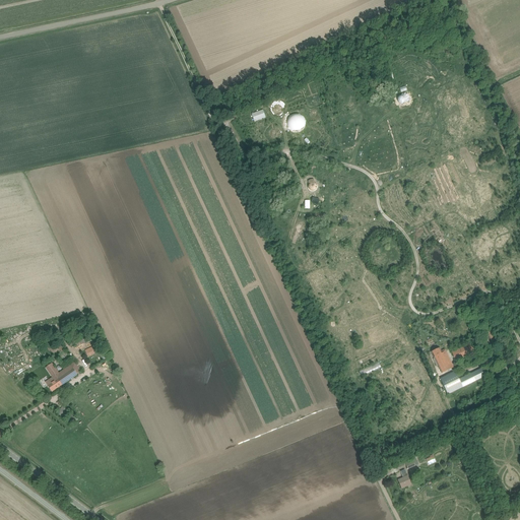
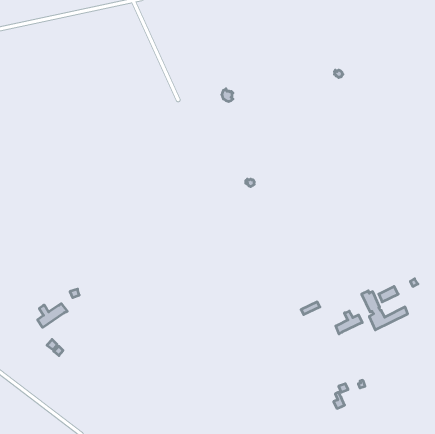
building: none -> [336,311,362,334]

